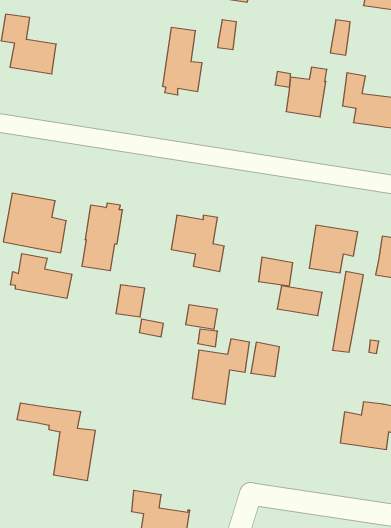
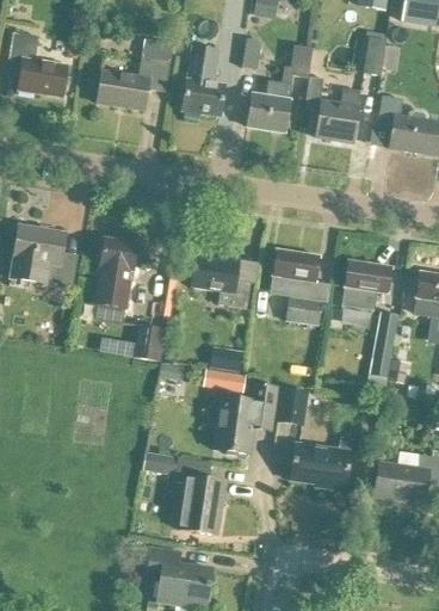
building: none -> [98,38,173,110]
building: none -> [247,45,314,132]
building: [11,254,72,298] -> none
building: [277,286,322,316] -> [272,249,321,282]
building: none -> [290,433,354,489]
building: [17,403,95,480] -> [141,451,225,535]

